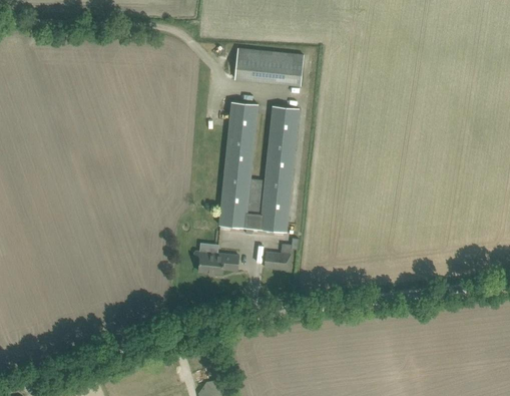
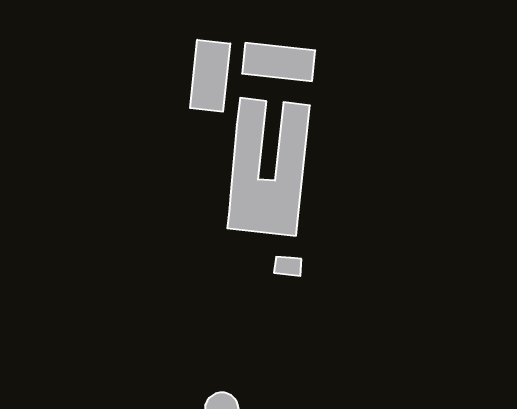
building: none -> [190,40,230,112]
building: [194,251,239,274] -> none

